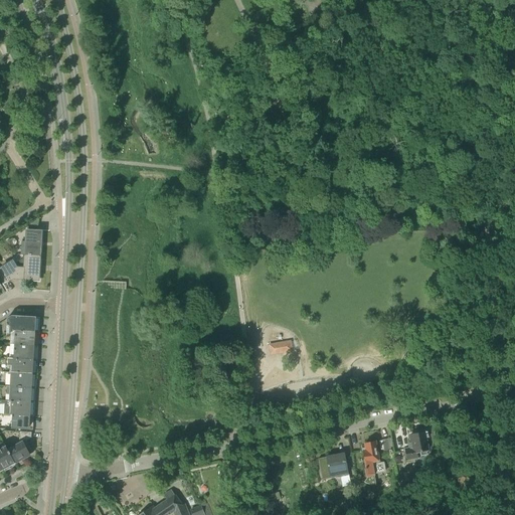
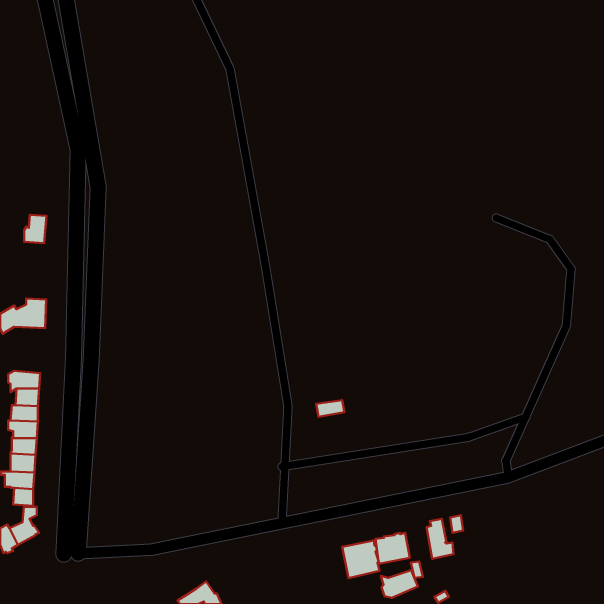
building: [23,230,42,254] -> [24,215,47,243]
building: [407,430,430,461] -> none
building: none -> [342,541,379,578]
building: none -> [381,570,418,598]

